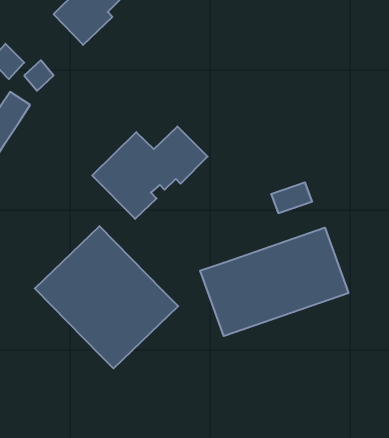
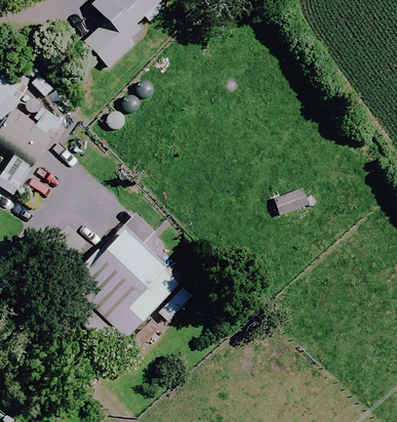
building: [92,126,208,219] -> none
building: [200,228,348,336] -> none

